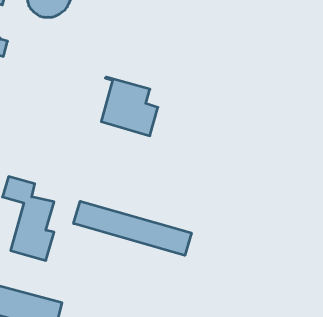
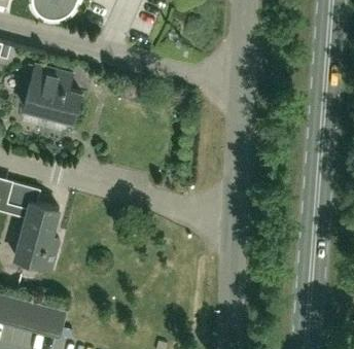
building: [101,77,158,136] -> [23,64,80,124]
building: [74,201,191,255] -> none

